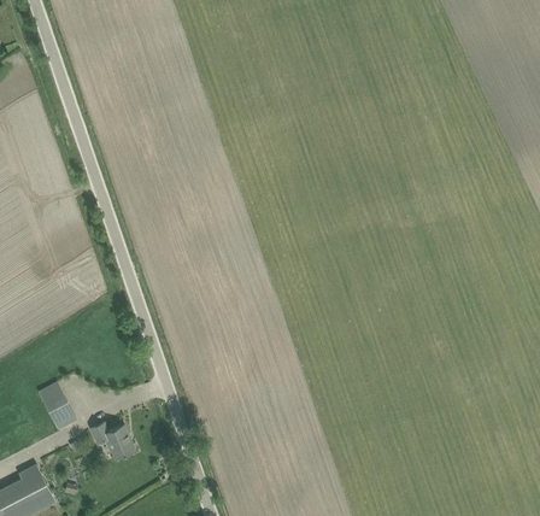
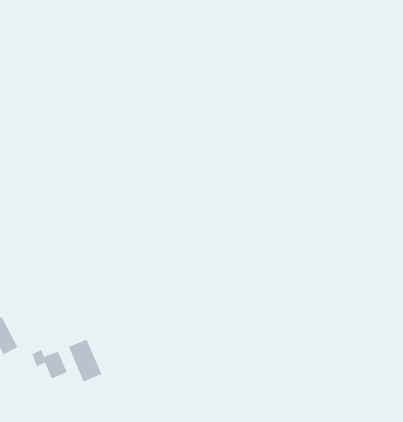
building: none -> [68,339,102,382]

